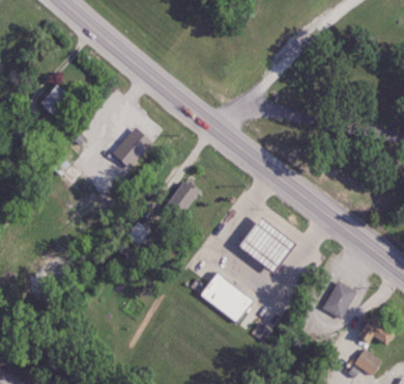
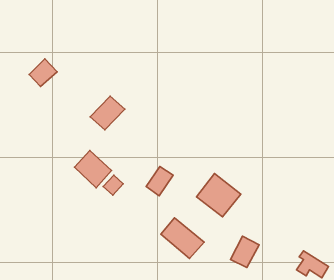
building: [167,180,199,215] -> [146,166,173,196]
building: none -> [75,151,112,188]
building: [323,280,357,318] -> [230,236,259,267]

